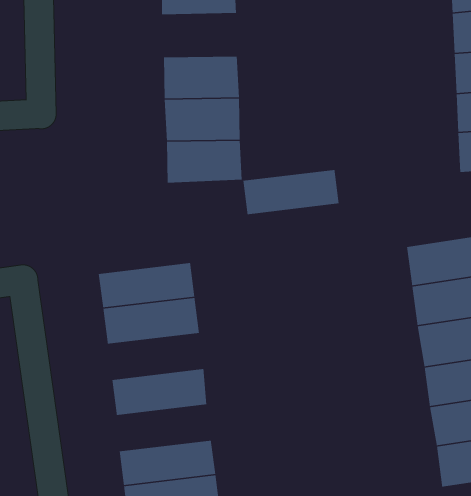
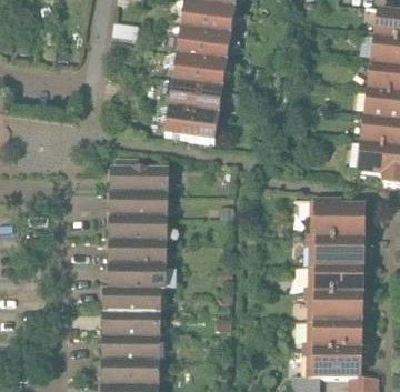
building: none -> [176,33,229,69]
building: [242,169,340,215] -> [108,172,171,199]
building: none -> [104,243,168,270]
building: none -> [101,291,164,318]

